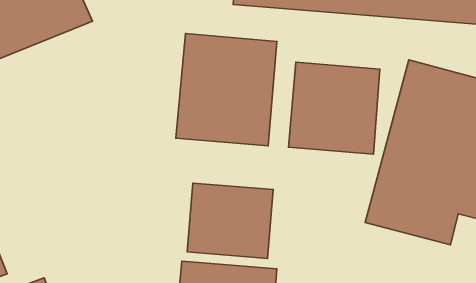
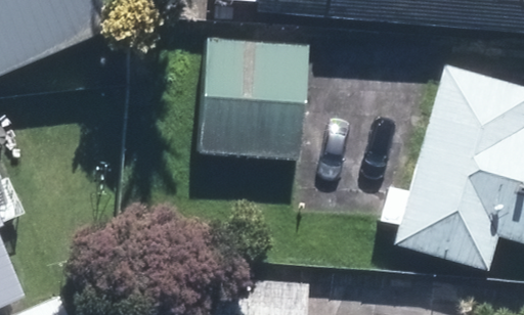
building: [289,62,380,154] -> none
building: [187,183,273,259] -> none

